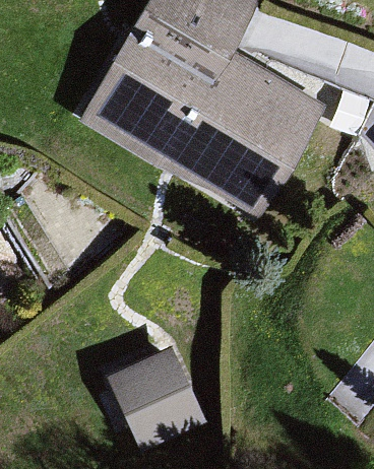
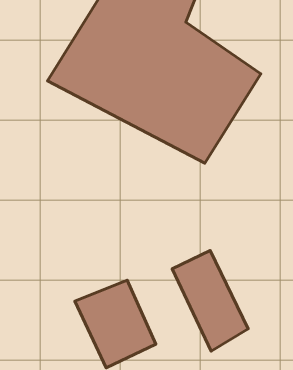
building: none -> [172,251,248,351]

